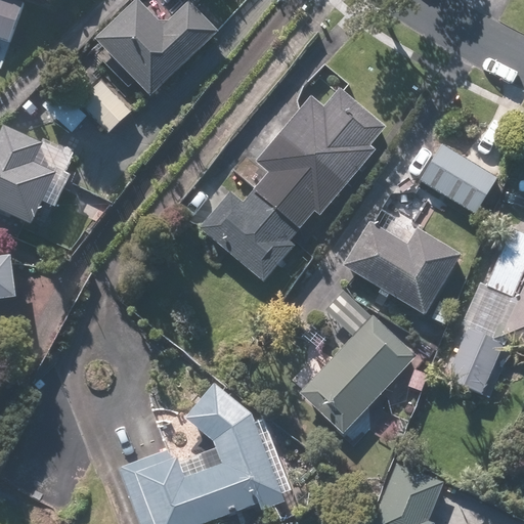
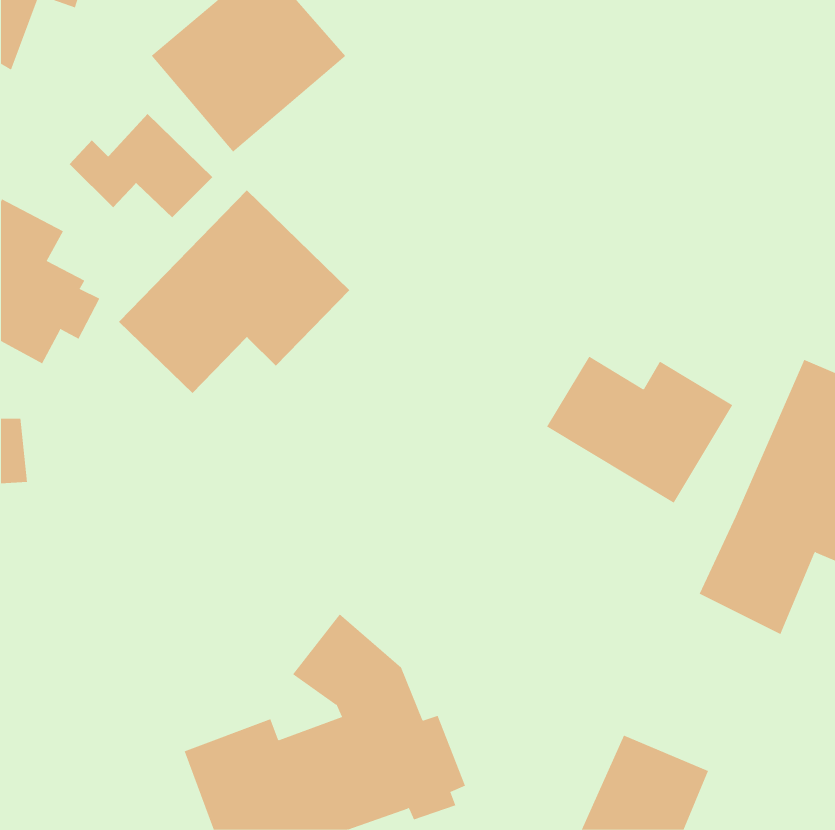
building: [198,87,385,282] -> none
building: none -> [118,190,350,394]
building: [417,140,496,215] -> none
building: [298,292,417,433] -> none

